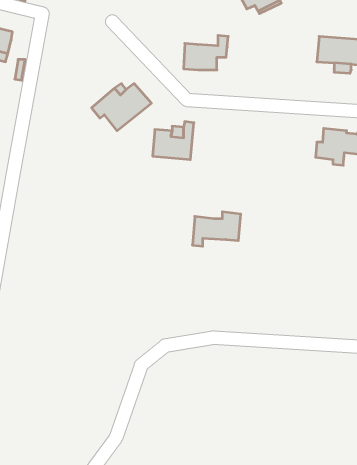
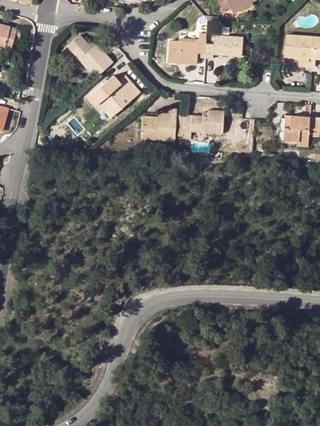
building: none -> [67,34,113,73]
building: none -> [205,34,242,58]
building: [192,212,241,246] -> [182,109,224,139]

